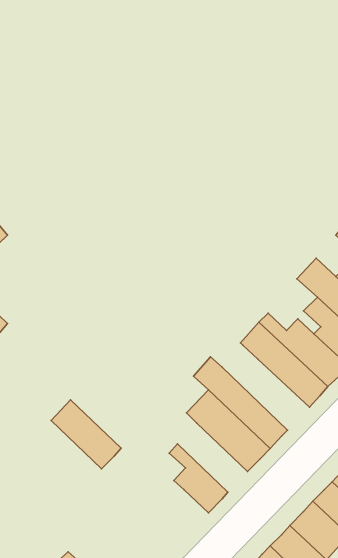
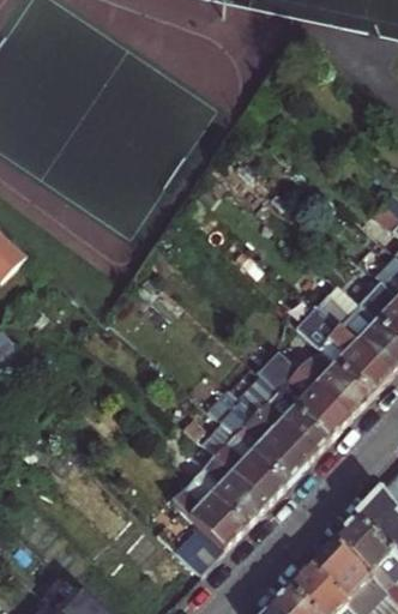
building: none -> [237,375,328,464]
building: [51,400,121,469] -> [191,457,264,529]
building: none -> [174,526,223,576]

